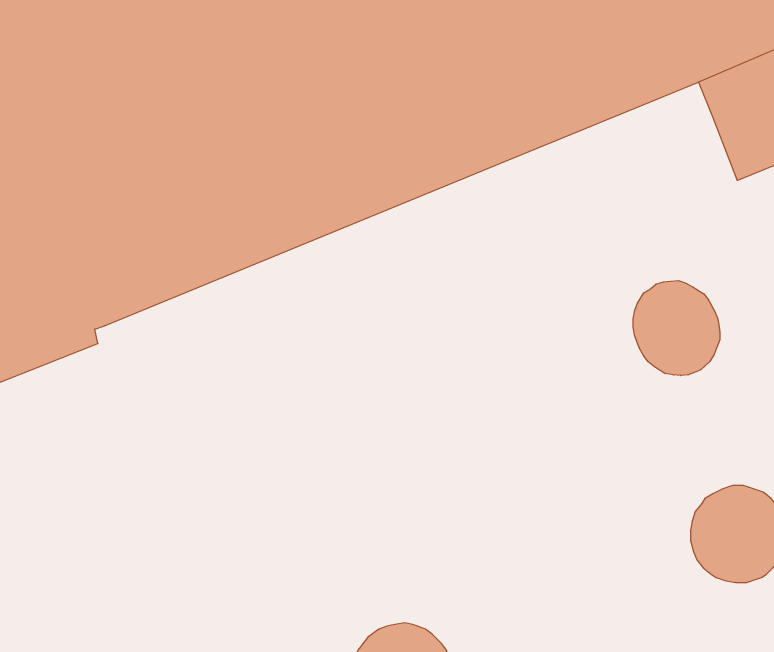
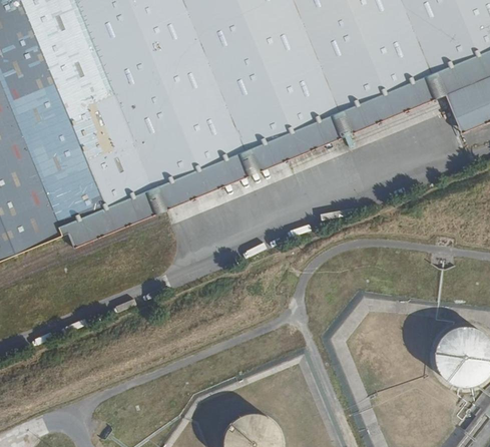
building: none -> [69,73,447,247]
building: [633,281,720,376] -> none

